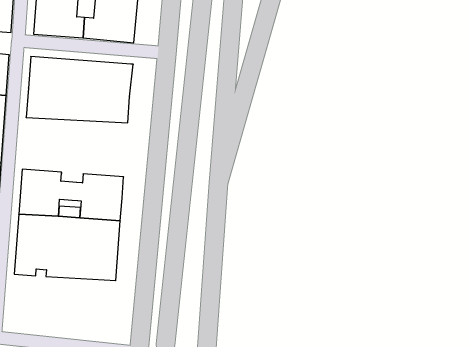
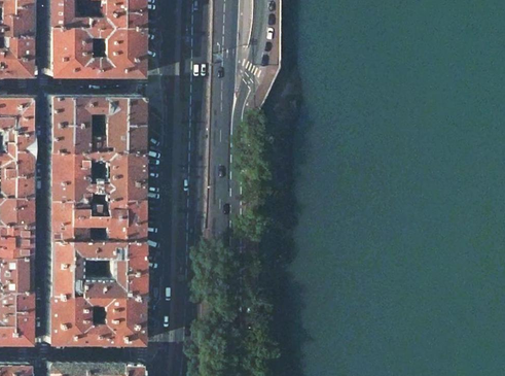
building: none -> [51,151,144,201]
building: none -> [51,296,144,345]

